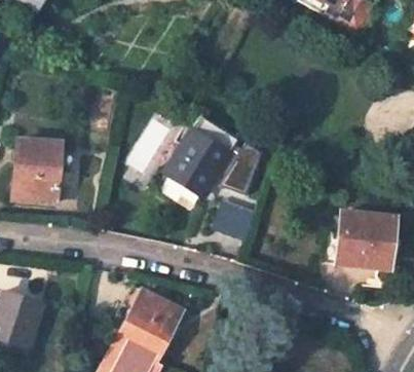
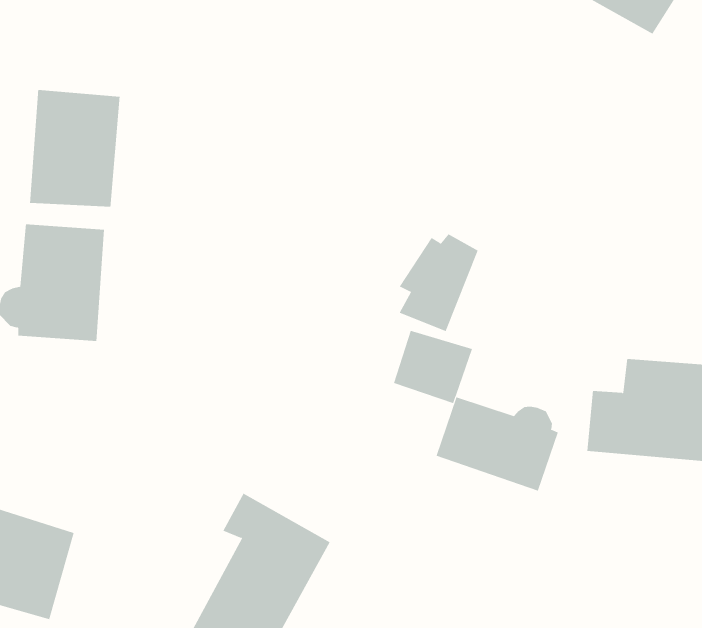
building: none -> [30,89,120,207]
building: [164,115,240,195] -> none
building: none -> [436,397,559,492]

